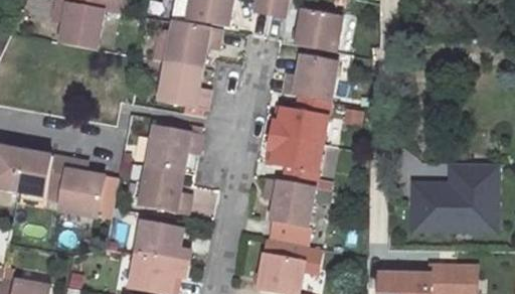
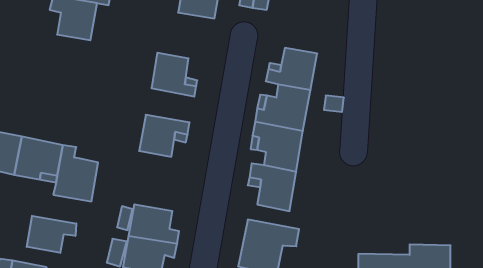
building: [296,10,341,51] -> none
building: [167,21,221,67] -> none
building: [142,165,191,212] -> none
building: [414,165,500,231] -> none
building: none -> [27,216,76,253]

